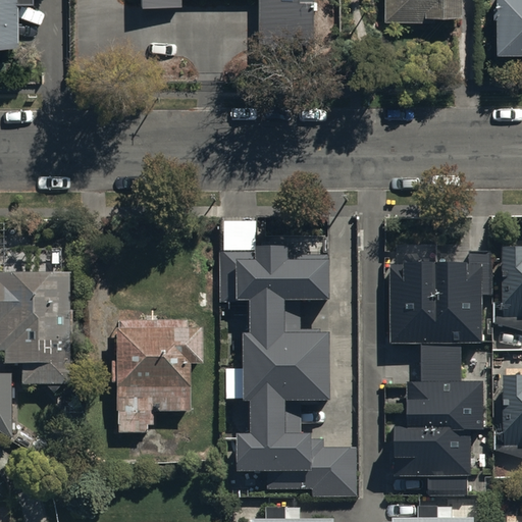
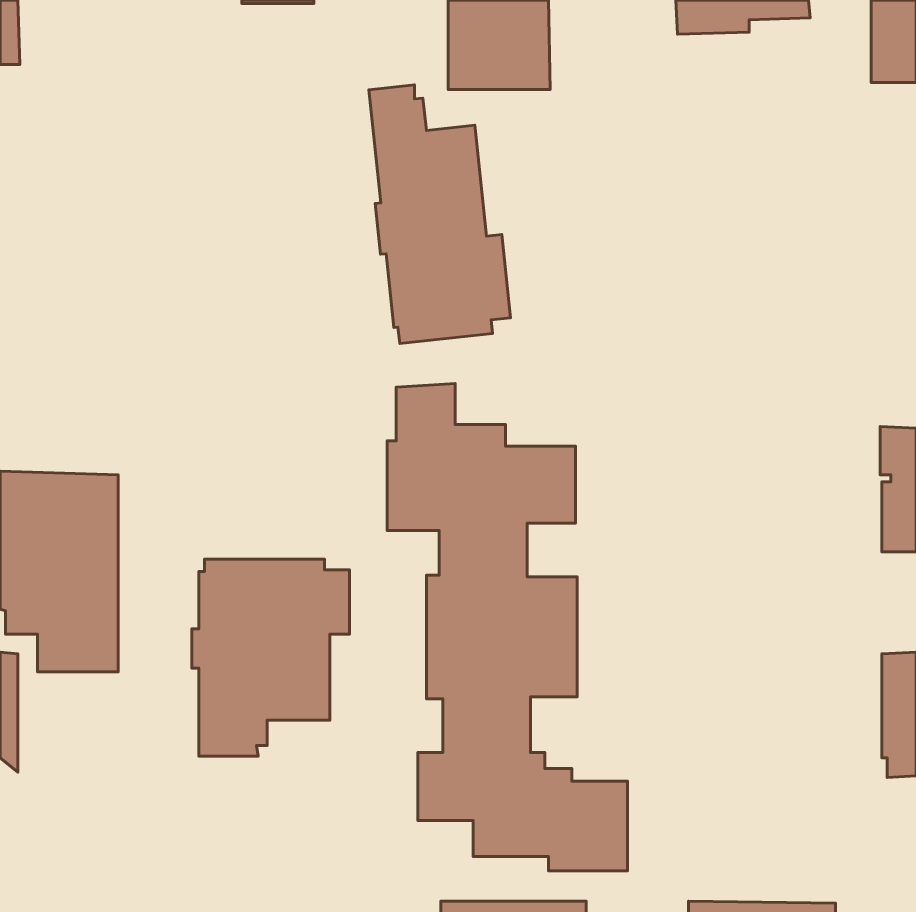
building: none -> [369,85,510,343]
building: [389,259,482,475] -> none

